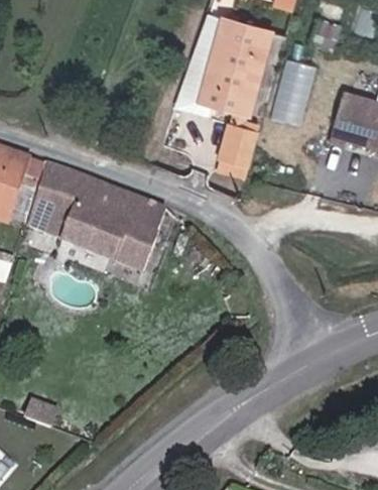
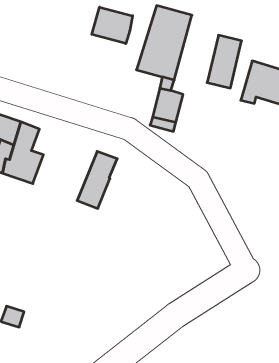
building: none -> [92,7,133,44]
building: [65,174,147,264] -> none

